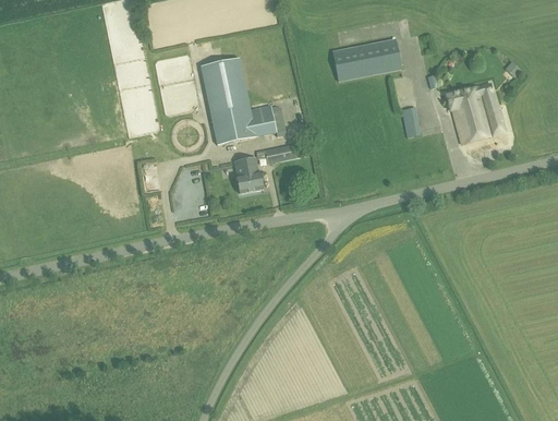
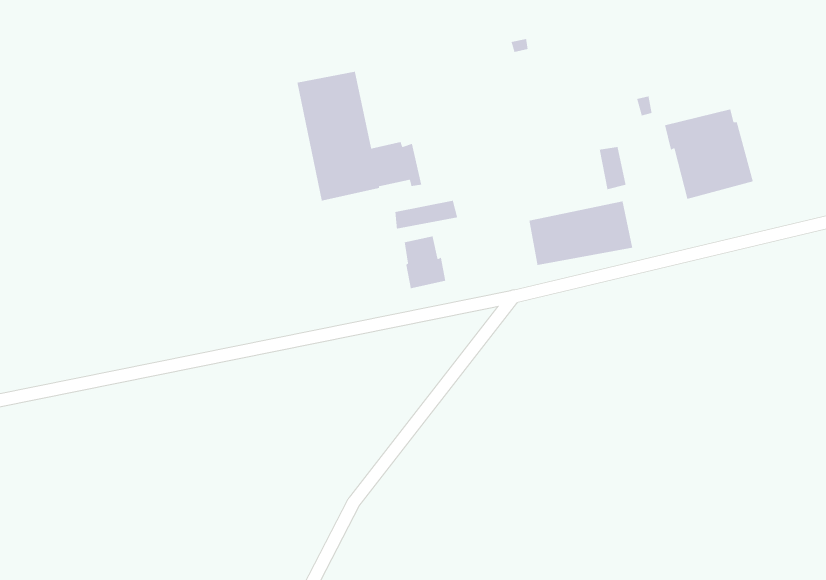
building: [331,38,401,82] -> [529,201,633,266]
building: [234,157,263,193] -> [404,235,446,289]

